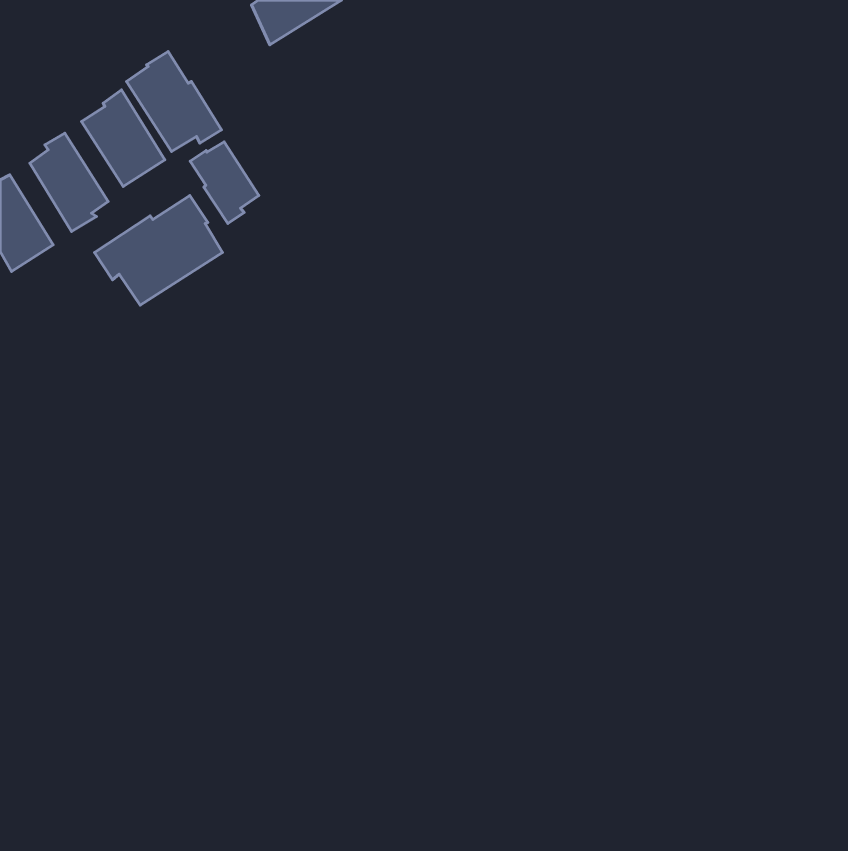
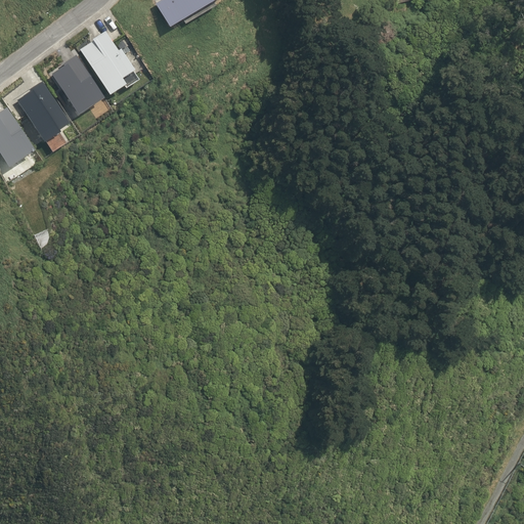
building: [190,142,259,223] -> none
building: [95,196,222,305] -> none

